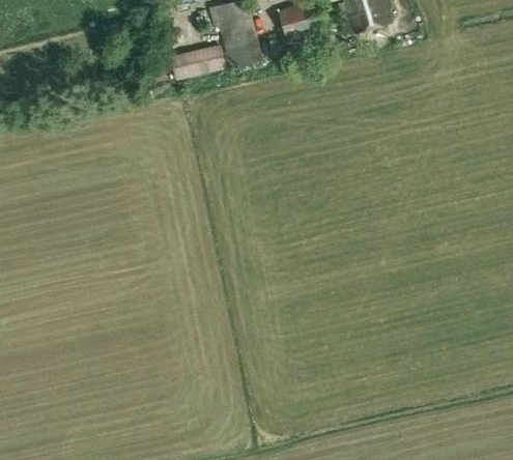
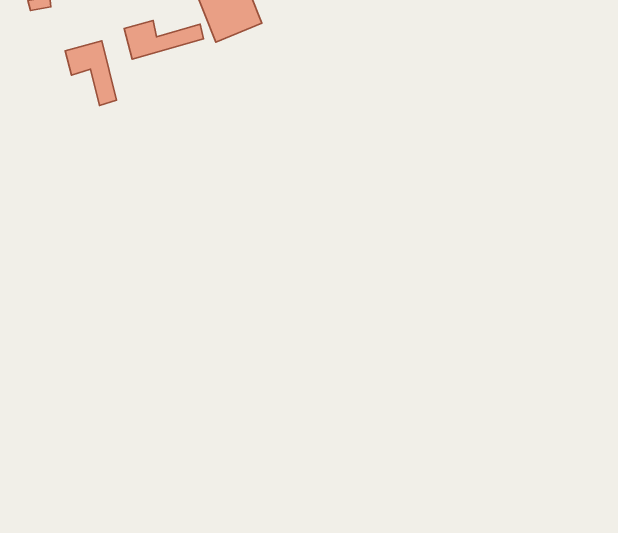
building: none -> [65,41,117,106]

